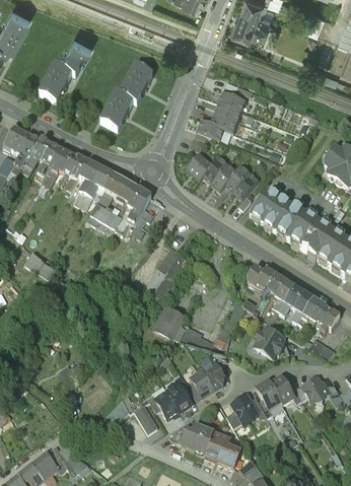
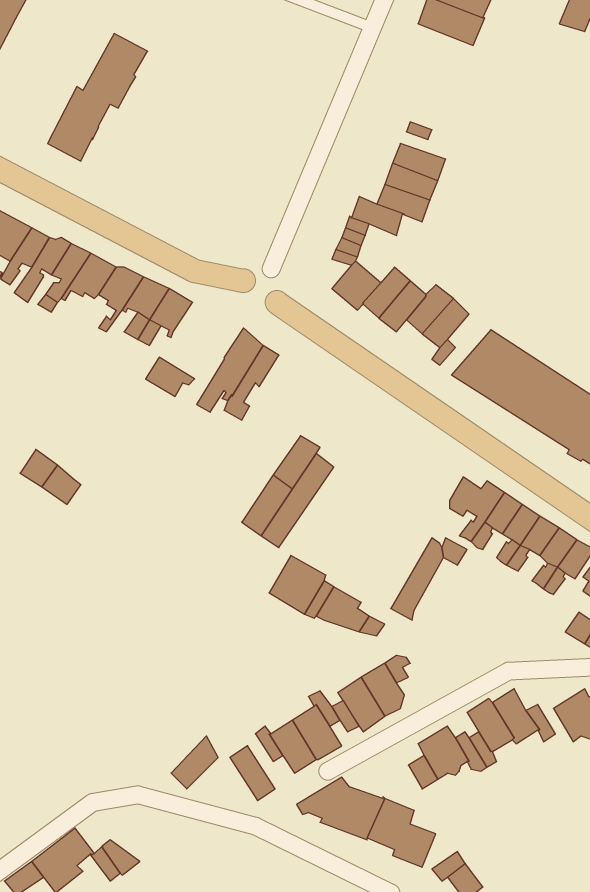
building: [101,65,153,130] -> none
building: [106,173,142,204] -> none
building: [255,326,285,355] -> none

